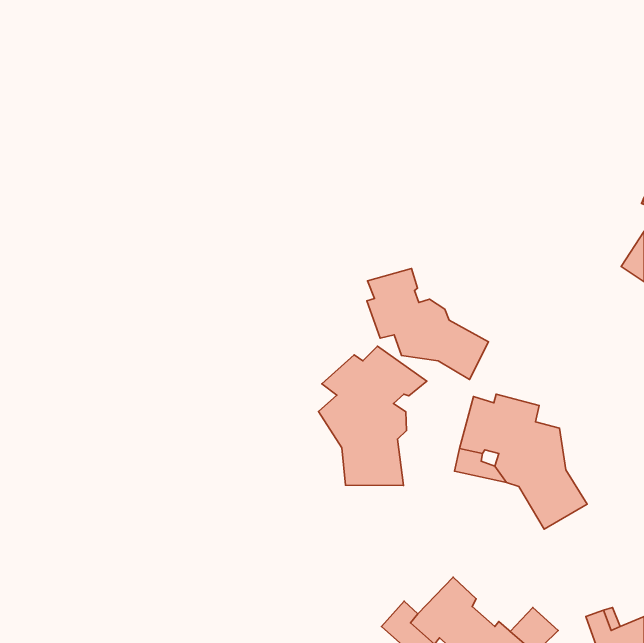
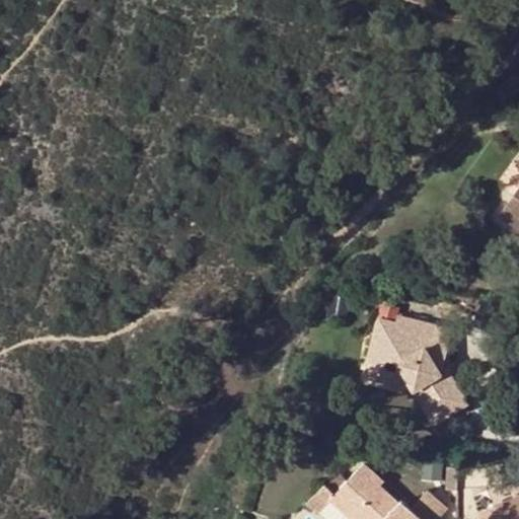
building: [367,268,488,380] -> none
building: [319,346,427,486] -> none

